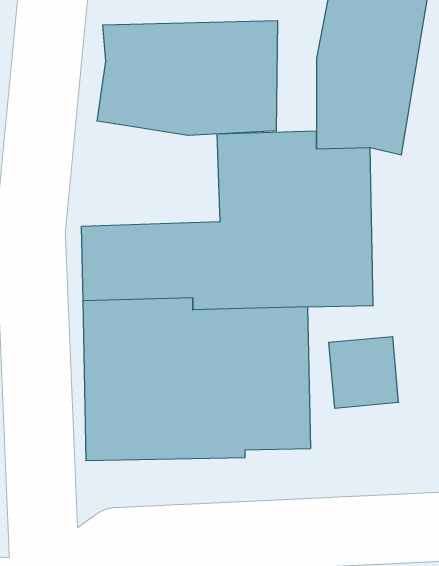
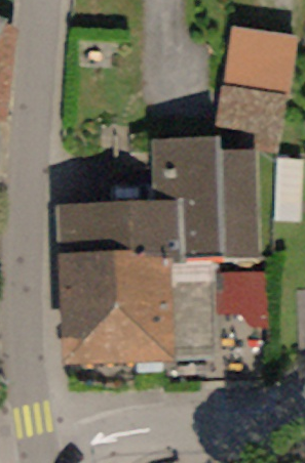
building: [97,21,277,136] -> none

